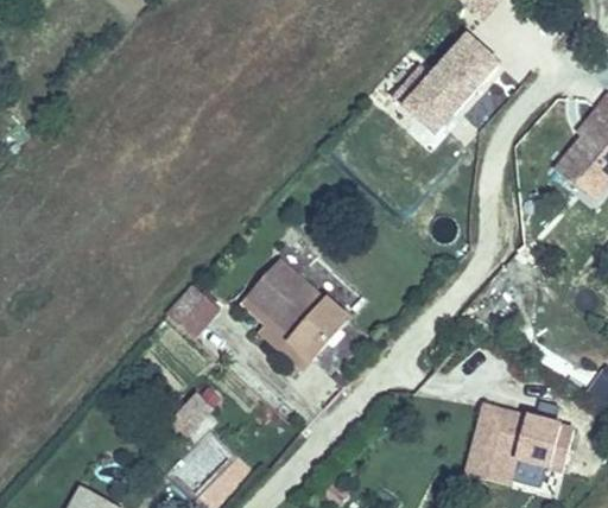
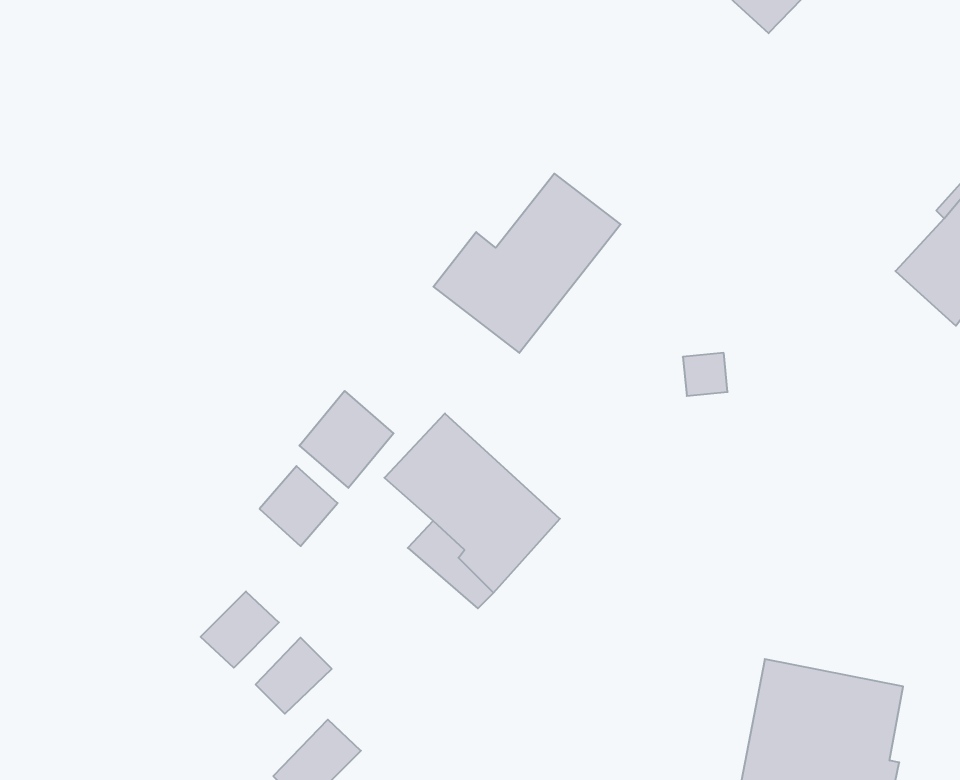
building: [390,27,504,136] -> [433,174,621,353]
building: none -> [299,391,394,488]
building: none -> [201,591,279,668]

